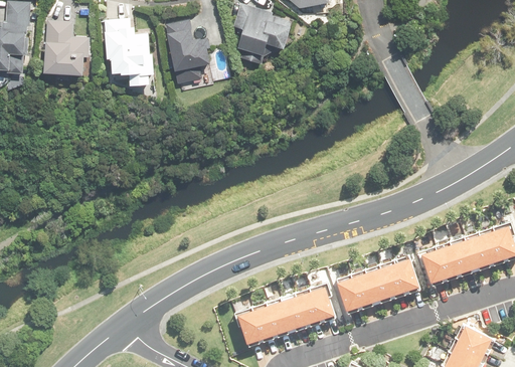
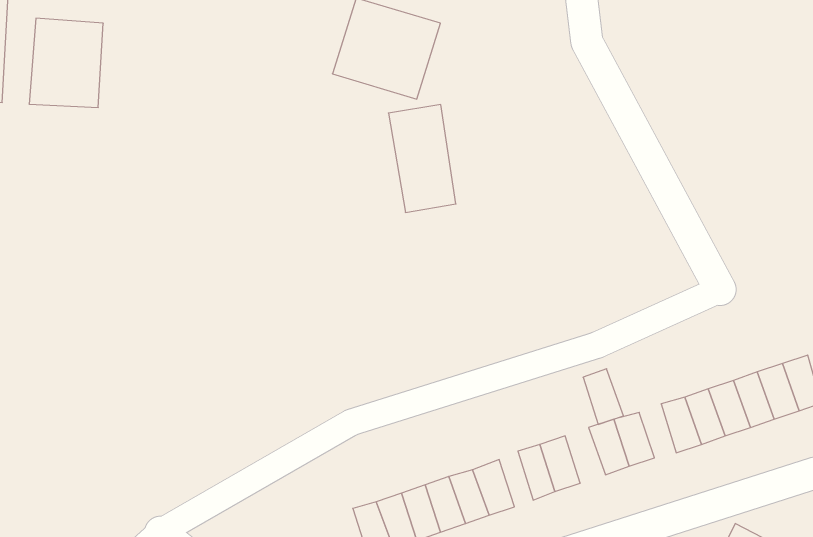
building: [102,21,148,88] -> none
building: [169,22,209,86] -> [388,105,456,212]
building: [363,267,387,301] -> [583,369,624,424]

